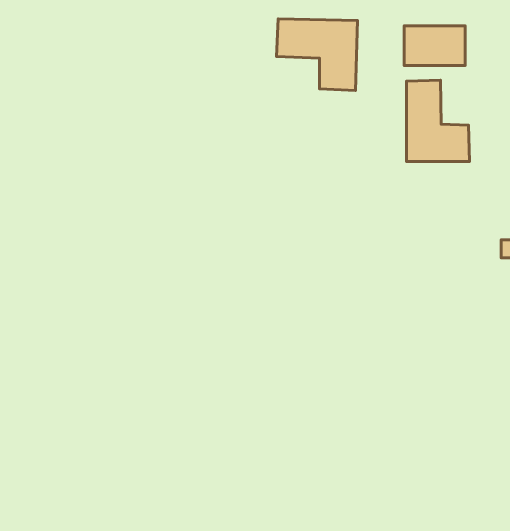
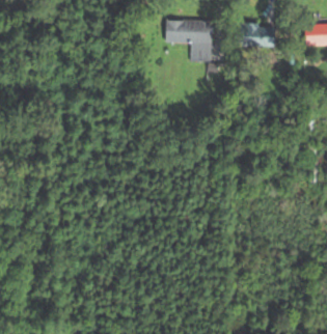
building: [406,80,469,162] -> none

